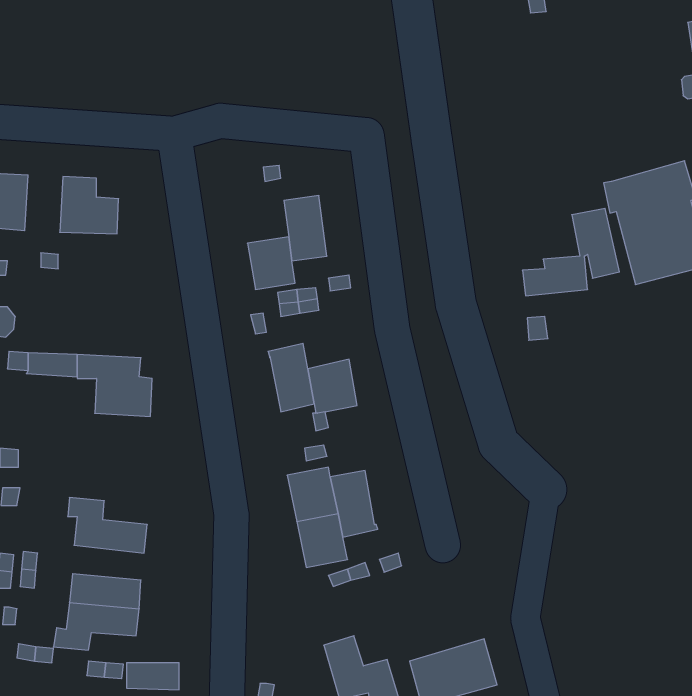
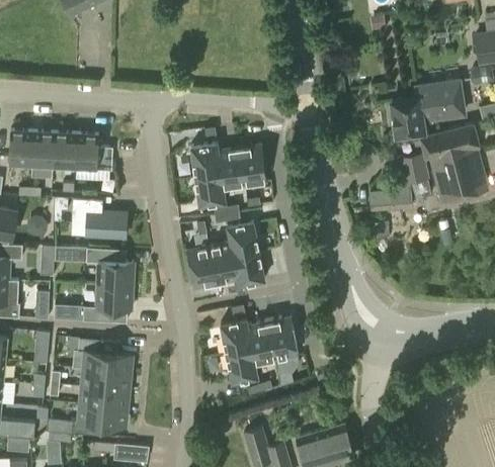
building: none -> [392,82,464,158]
building: none -> [53,133,77,170]
building: none -> [190,144,221,177]
building: none -> [240,144,266,185]
building: none -> [71,199,127,238]
building: none -> [227,221,259,257]
building: none -> [186,246,216,288]
building: none -> [54,285,133,323]
building: none -> [269,316,299,359]
building: none -> [83,369,129,391]

